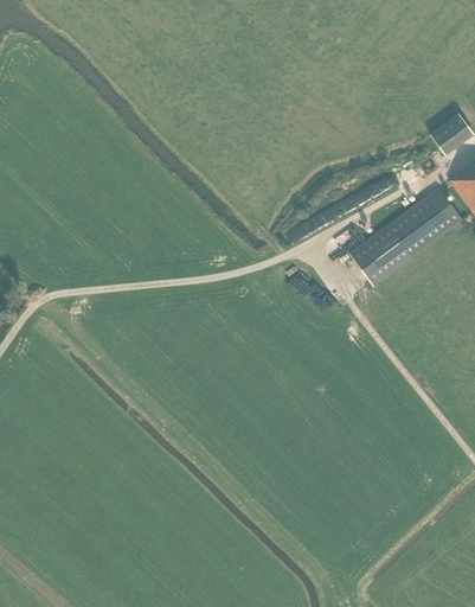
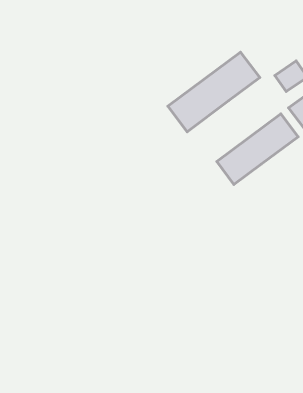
building: none -> [168,52,260,132]

